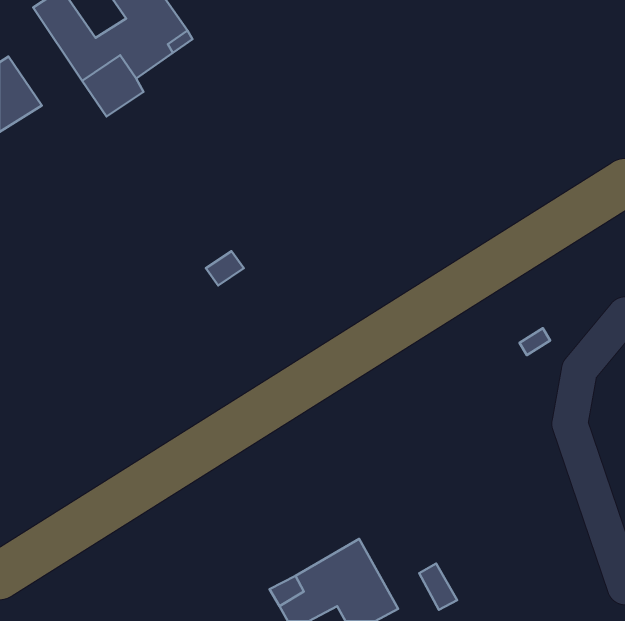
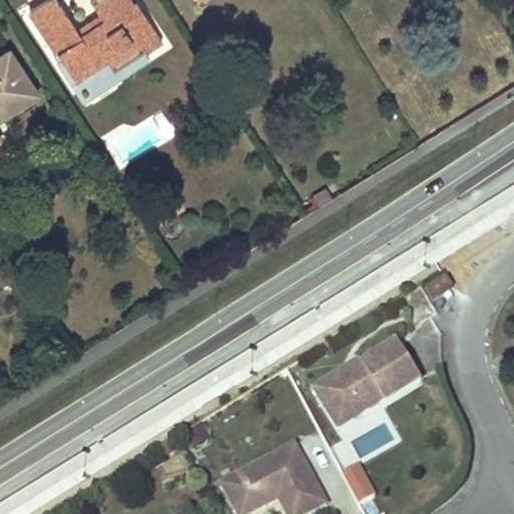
building: none -> [314,339,420,410]

